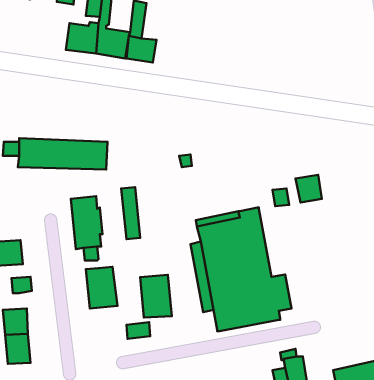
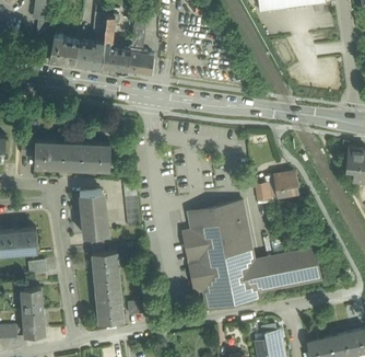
building: none -> [48,35,79,65]
building: none -> [266,250,320,289]
building: [140,275,172,318] -> [96,287,123,324]

